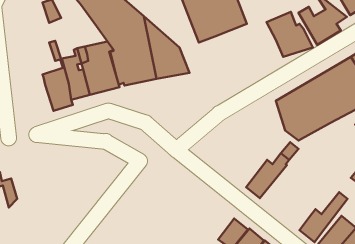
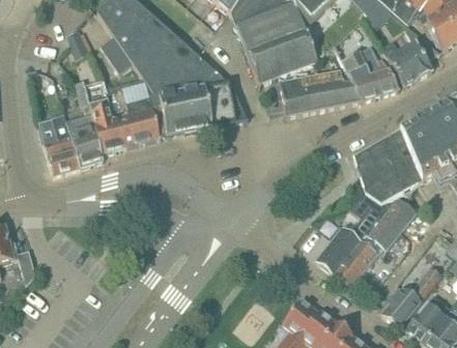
building: none -> [101,36,134,72]
building: none -> [280,53,363,116]
building: none -> [38,115,81,175]
building: none -> [334,197,417,288]

